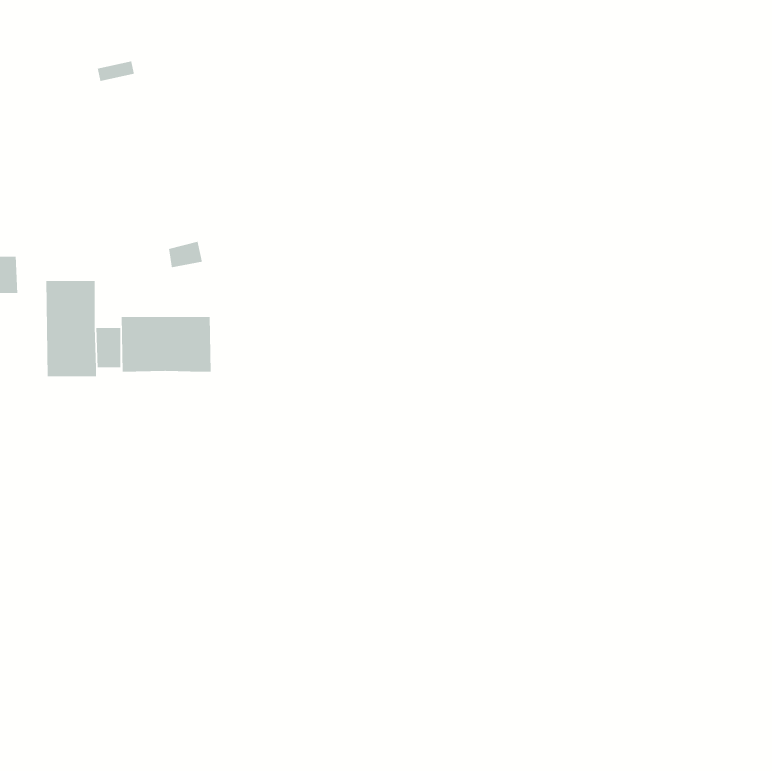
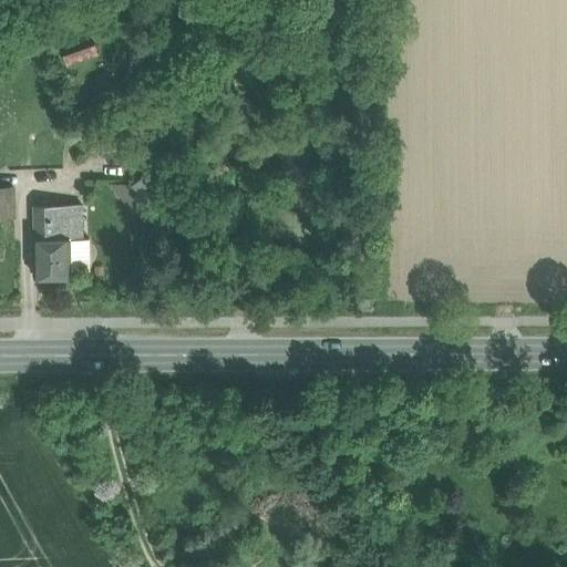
building: [121,316,211,373] -> none

